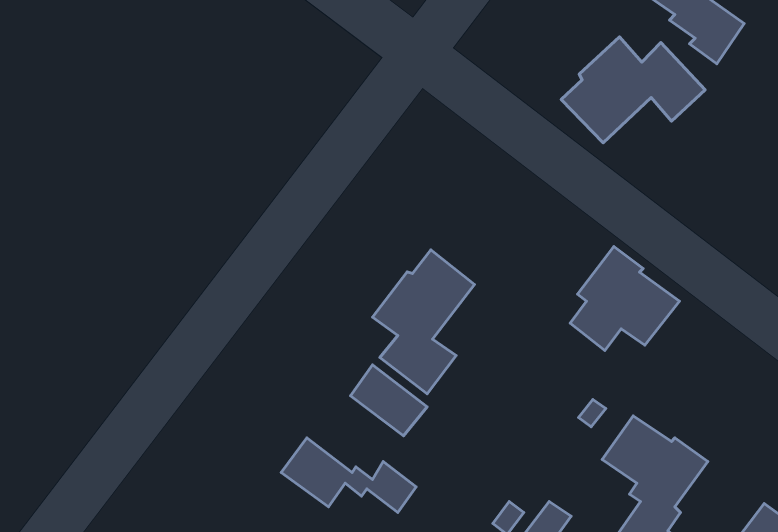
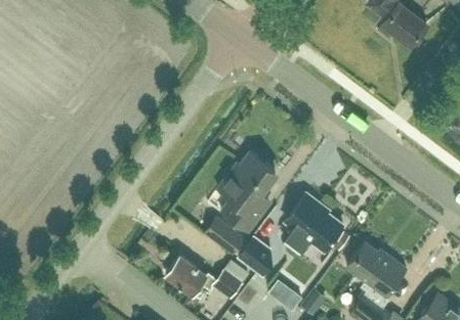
building: [561,37,705,143] -> none
building: [570,247,680,351] -> [282,194,343,253]
building: none -> [240,234,274,274]

